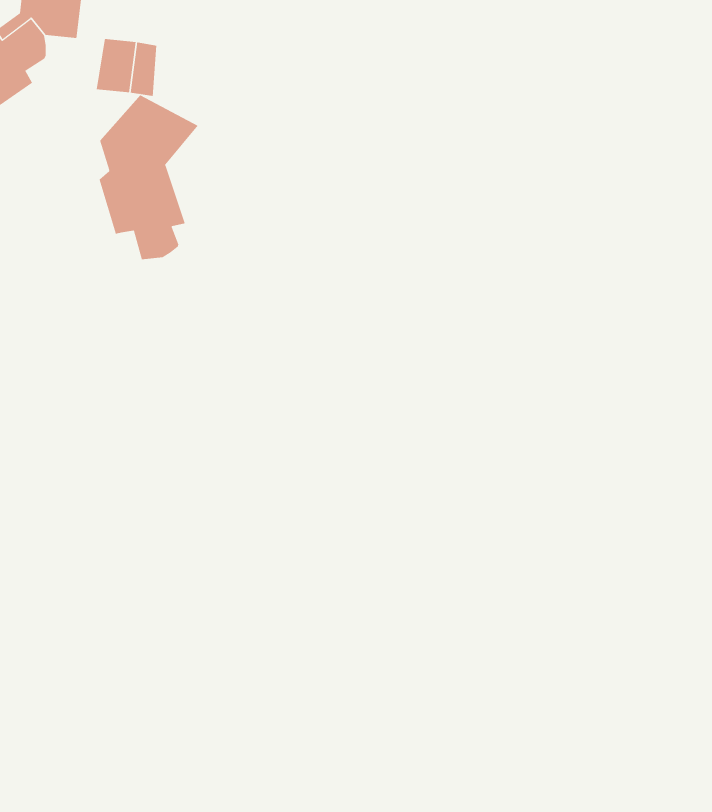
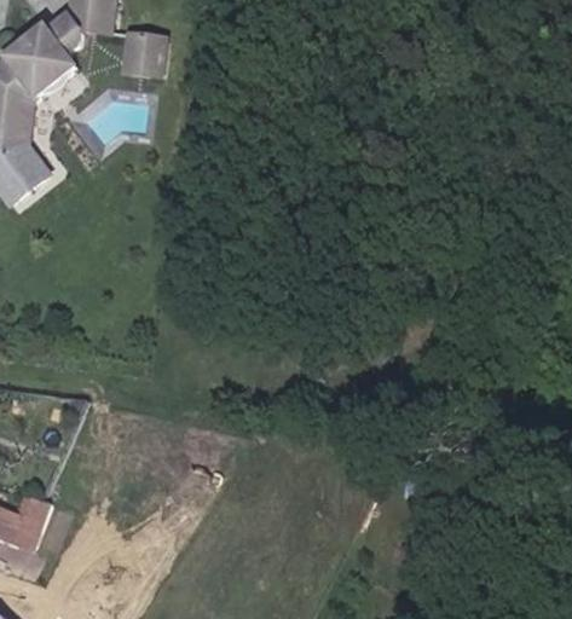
building: [99,94,198,260] -> none

